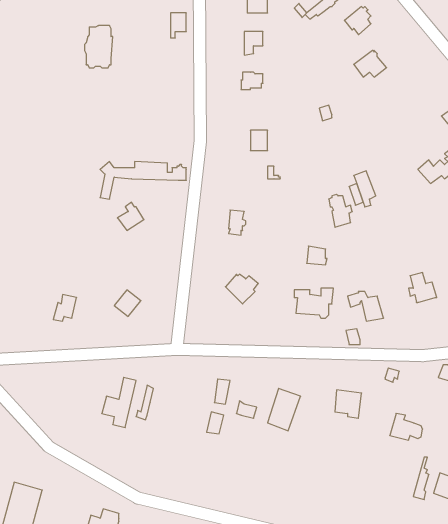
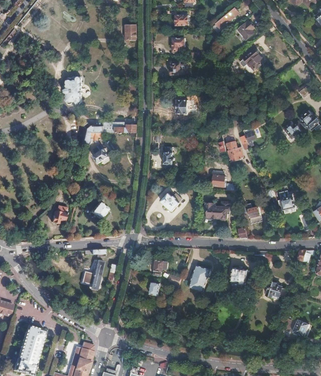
building: [85,26,113,68] -> [62,76,80,103]

